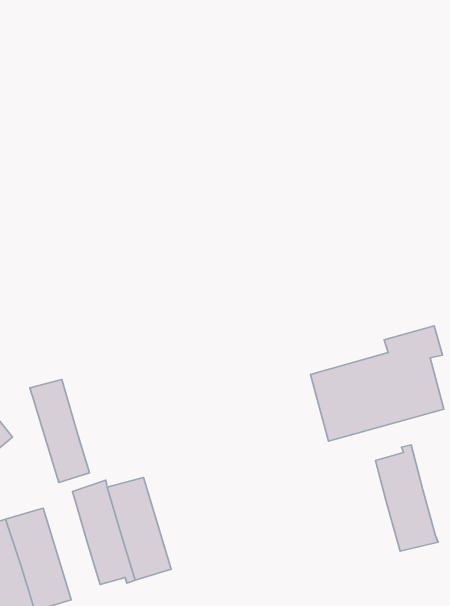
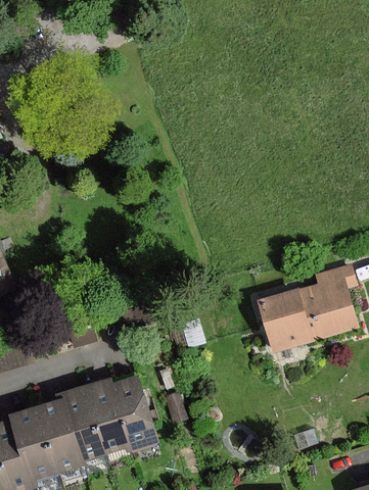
building: [30,380,90,482] -> [60,386,104,461]
building: [376,445,438,551] -> none

